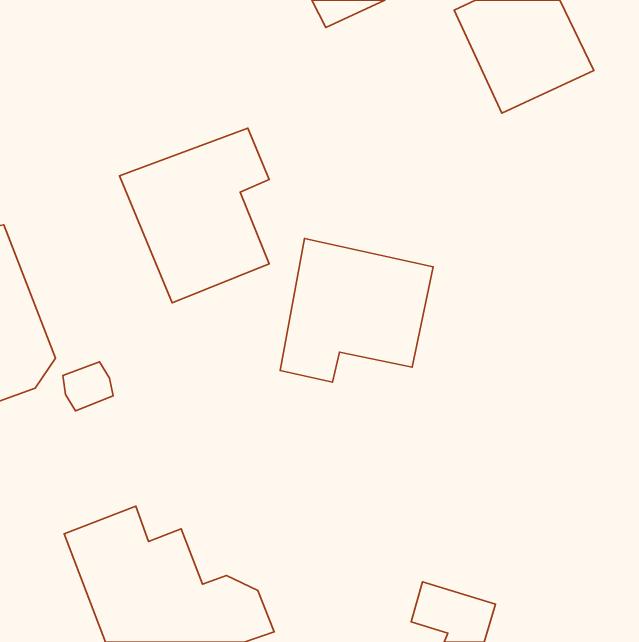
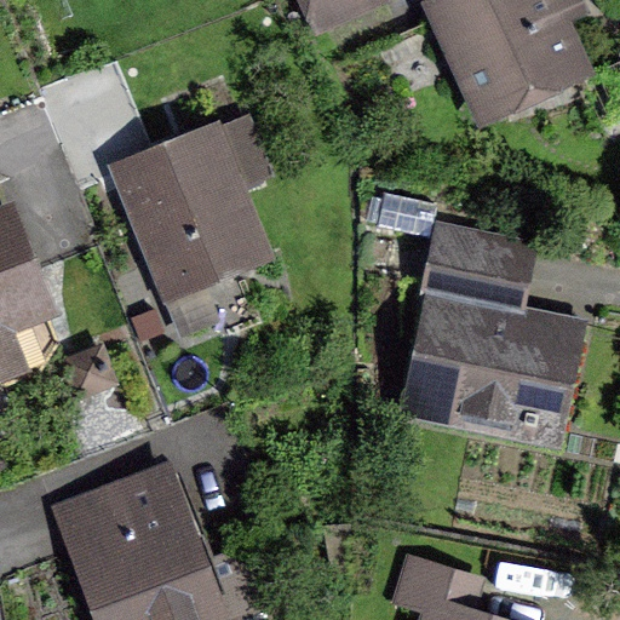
building: [280,238,433,382] -> none
building: none -> [411,231,567,432]

